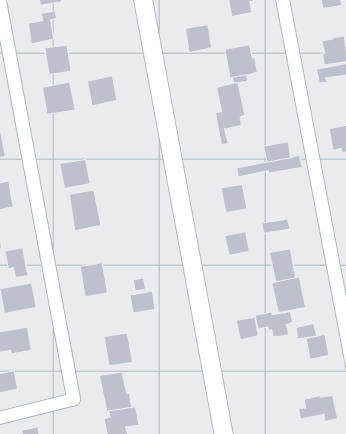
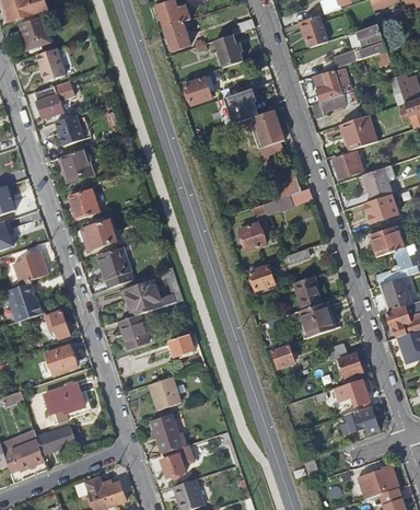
building: [87,76,117,106] -> [69,188,100,219]
building: [215,83,245,145] -> [254,109,284,170]
building: none -> [120,267,183,317]
building: [255,311,293,337] -> [336,379,372,405]

